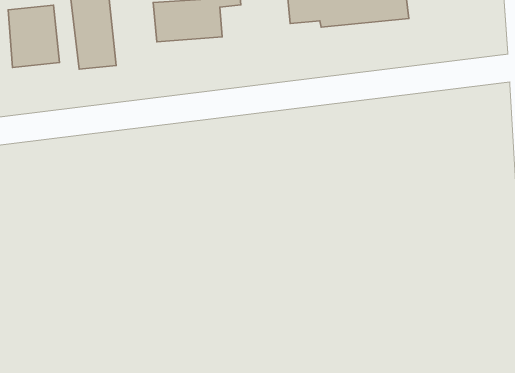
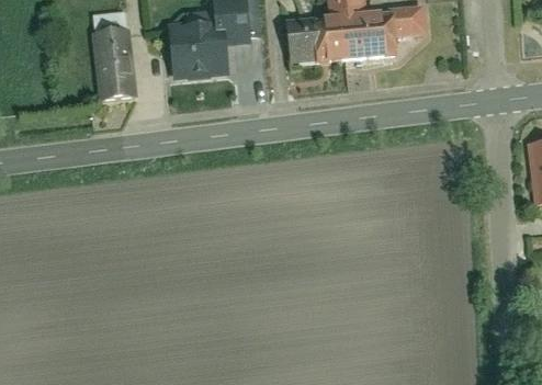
building: [8,5,59,68] -> none

